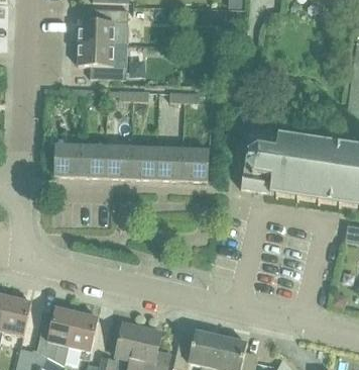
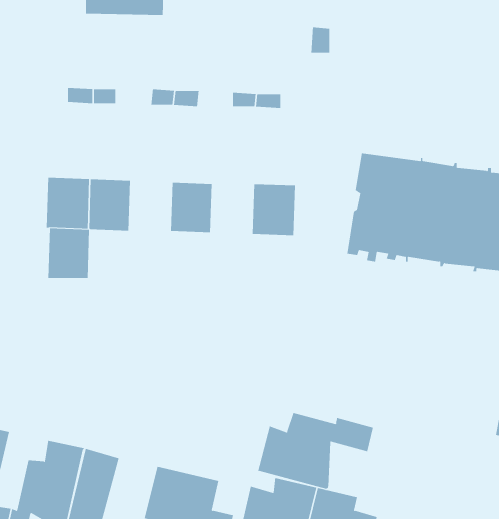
building: [78,42,127,78] -> none
building: [106,146,132,177] -> [47,228,90,279]
building: [156,148,183,179] -> none
building: none -> [257,412,374,490]

